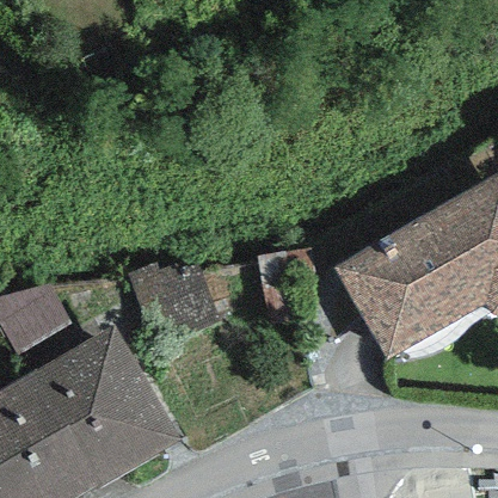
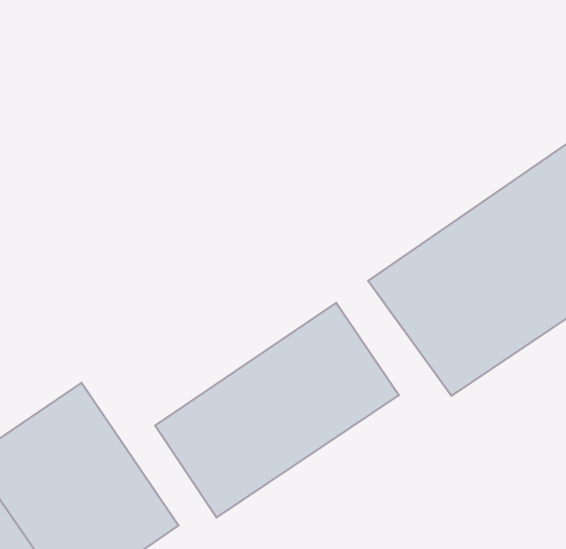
building: none -> [155,303,399,518]

